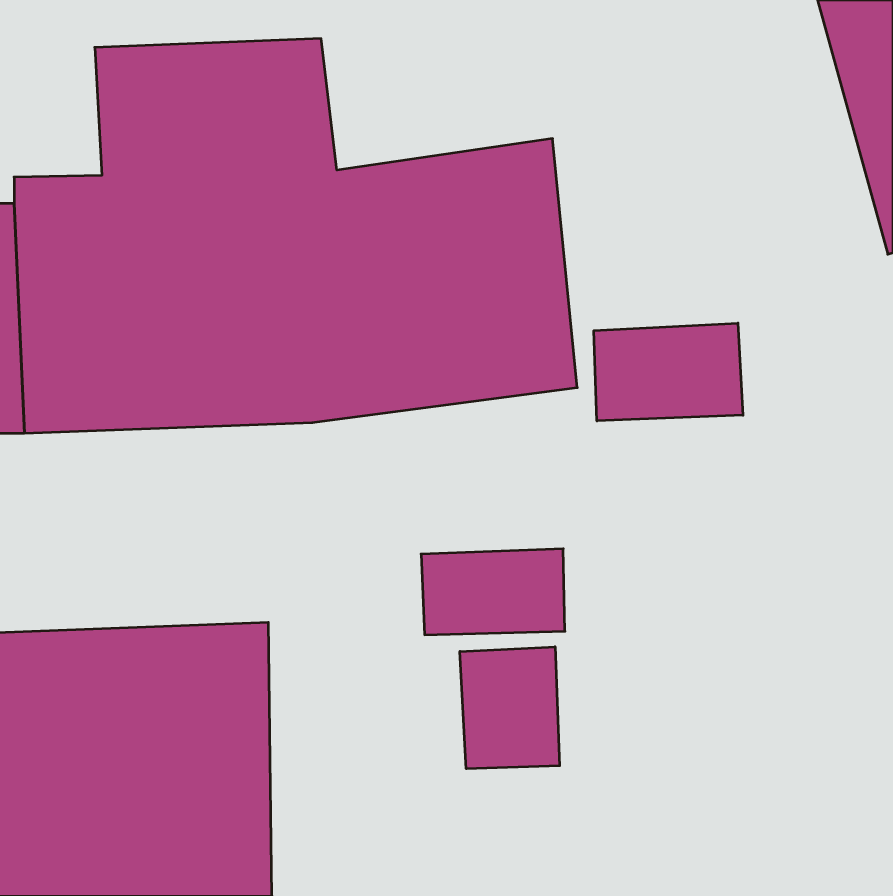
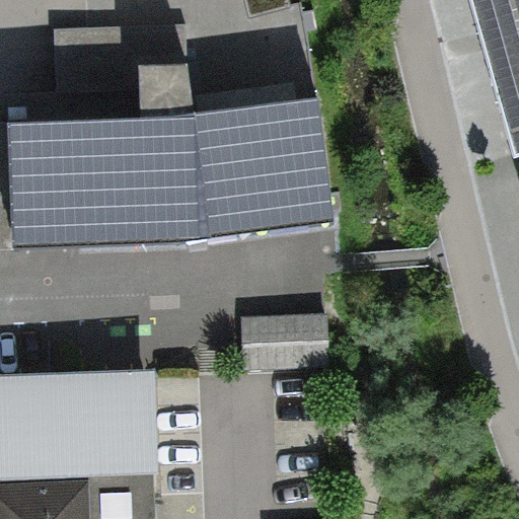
building: [594,323,743,421] -> none
building: [460,647,560,769] -> none

